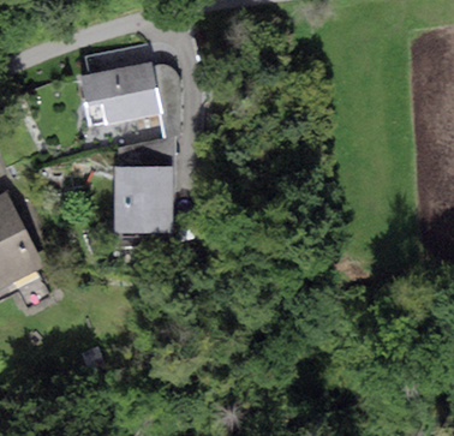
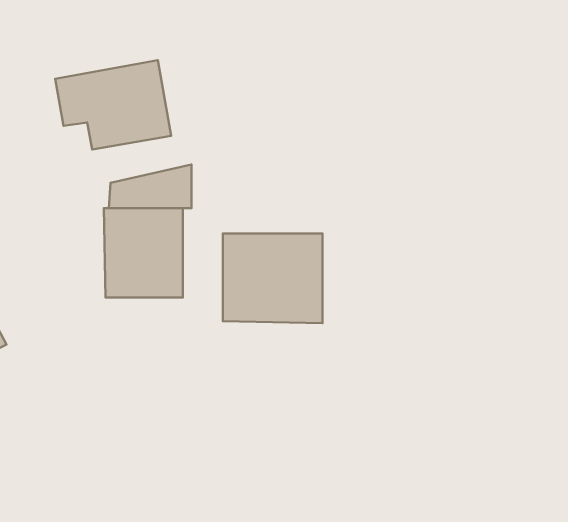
building: none -> [223,234,322,323]

